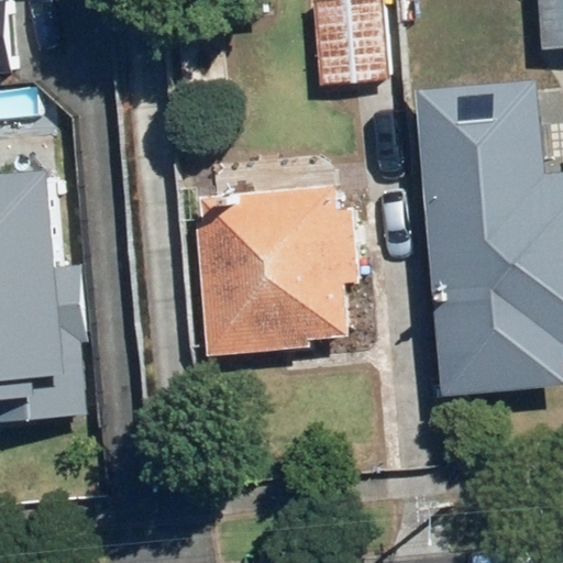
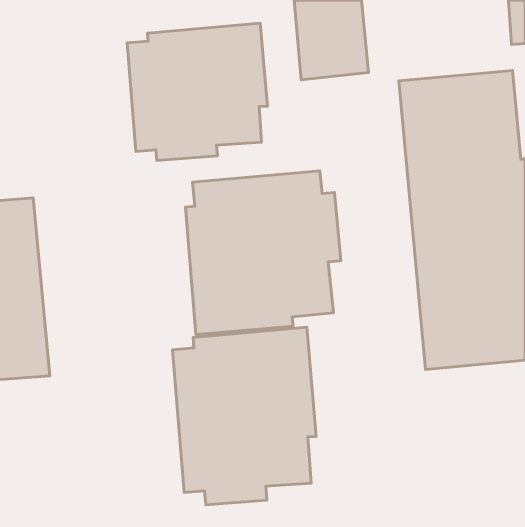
building: none -> [127,23,267,161]
building: none -> [172,327,316,505]

